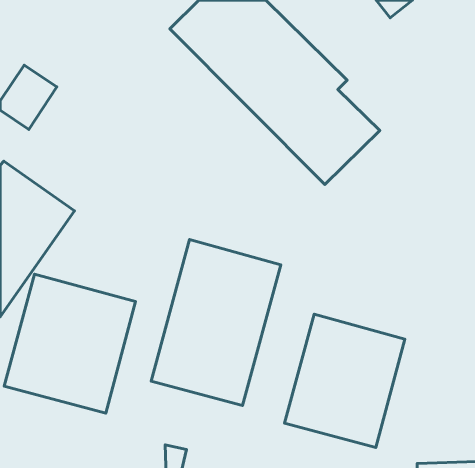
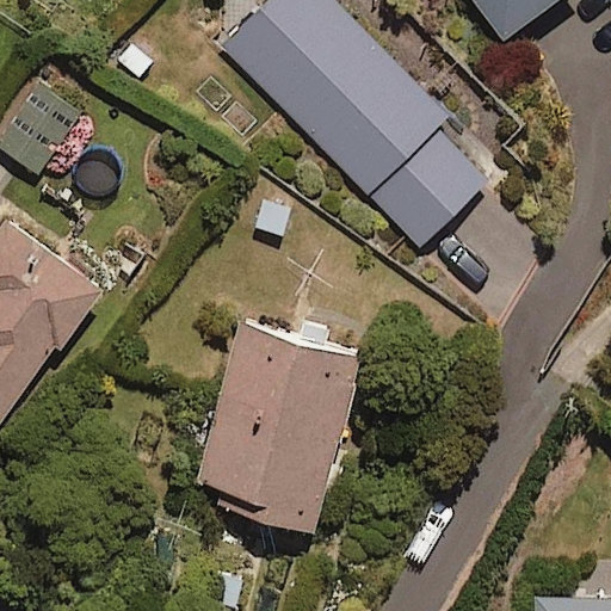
building: [4,274,136,413] -> none
building: [285,314,405,447] -> none

